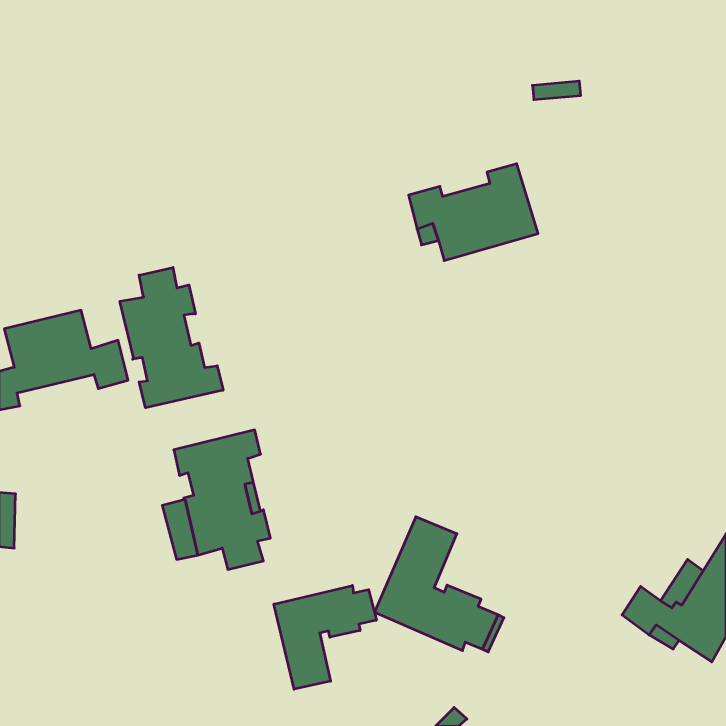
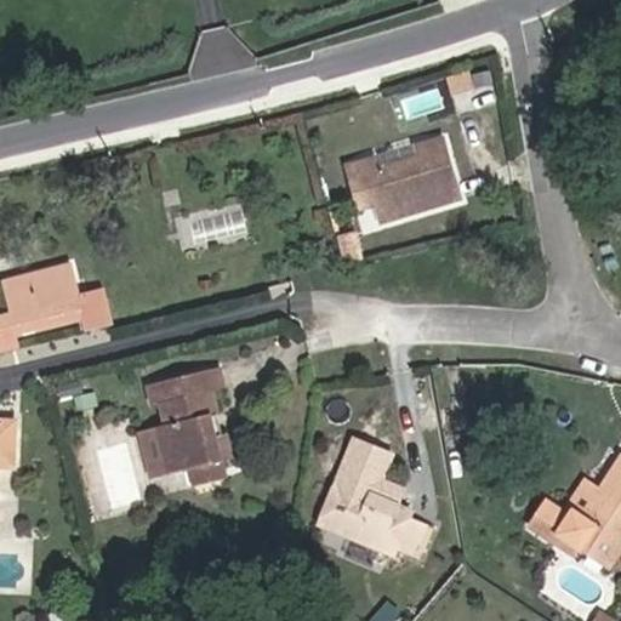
building: [120,267,223,408] -> none
building: [274,585,376,689] -> none

